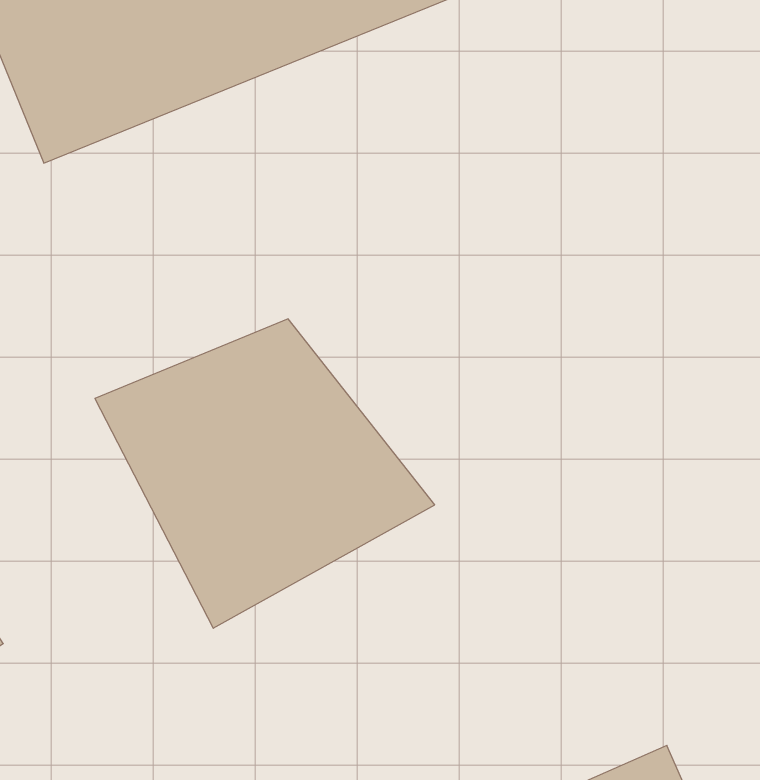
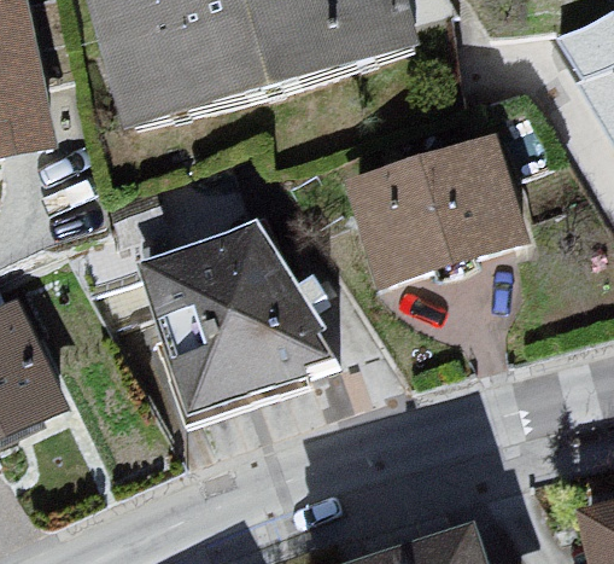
building: none -> [345,139,534,289]

